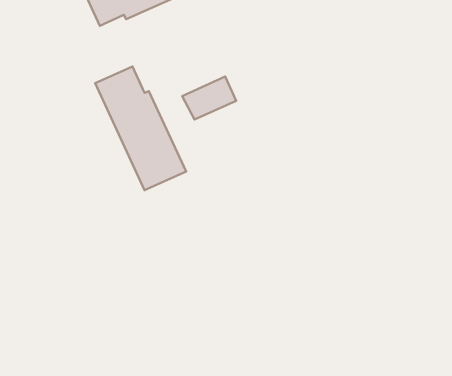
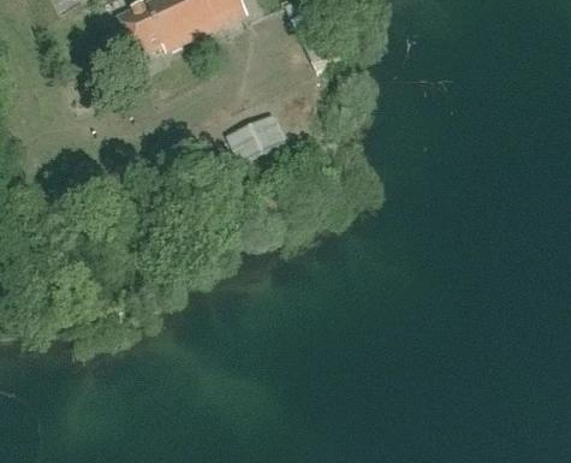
building: [95,66,186,190] -> none

